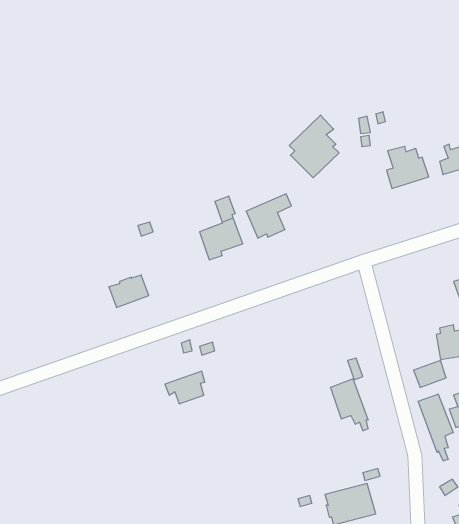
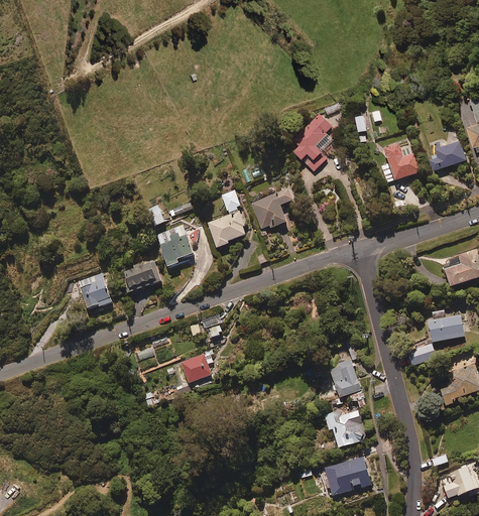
building: none -> [157,228,195,268]
building: none -> [79,275,113,308]
building: [418,394,453,461] -> none
building: none -> [325,409,365,446]

